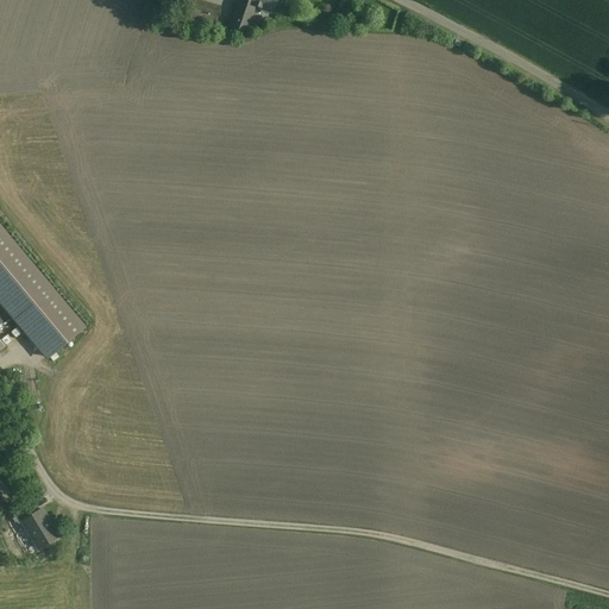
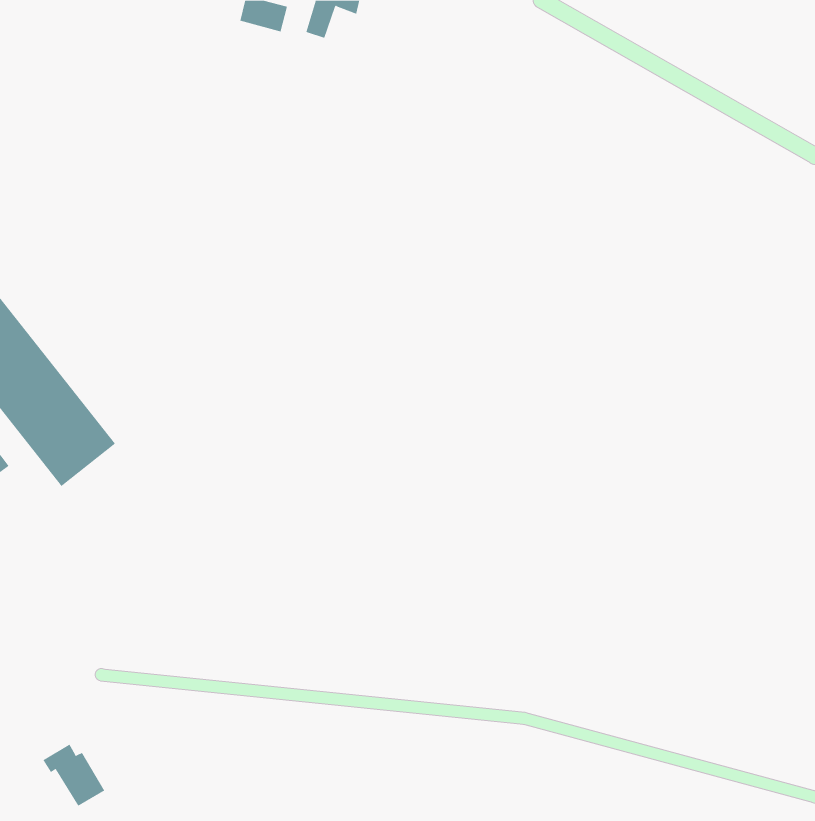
building: [8,503,55,550] -> [42,744,105,807]

